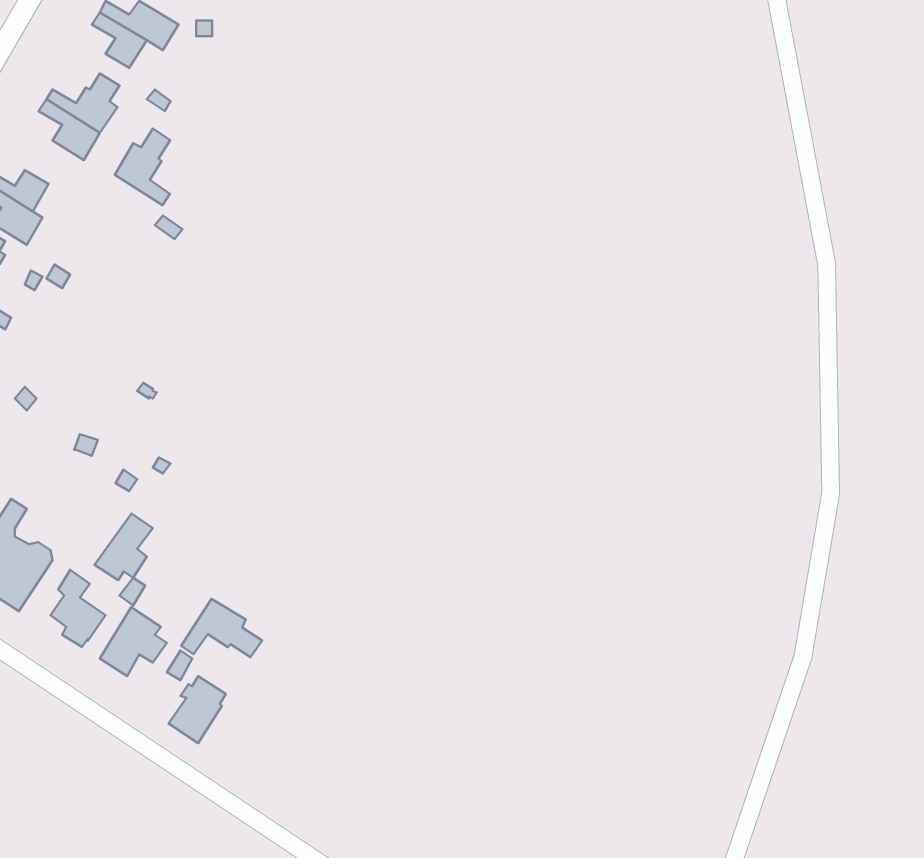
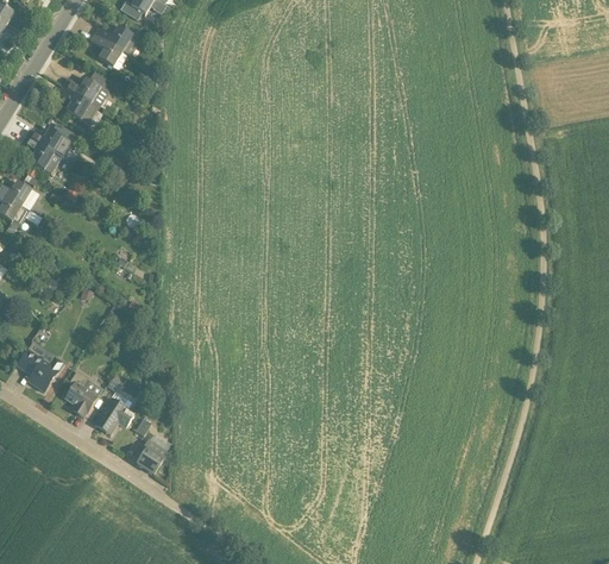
building: [115,129,170,205] -> none
building: [95,513,153,580] -> none
building: [181,599,262,657] -> none

